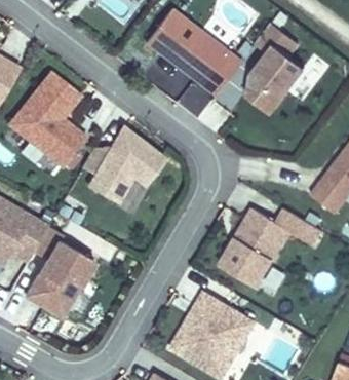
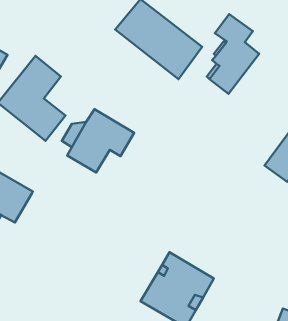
building: [219,210,322,288] -> none
building: [26,227,94,317] -> none

